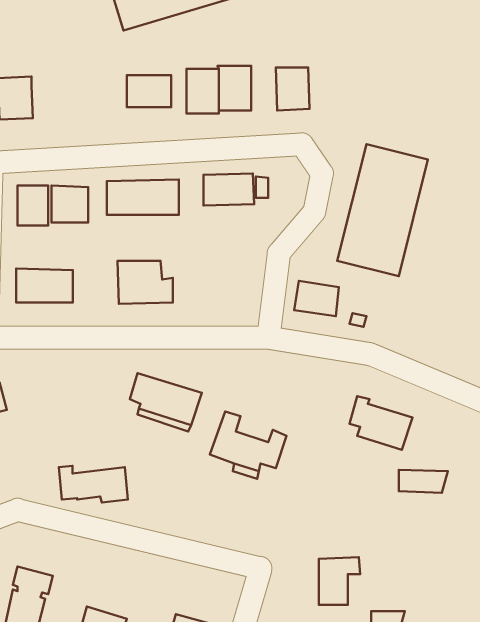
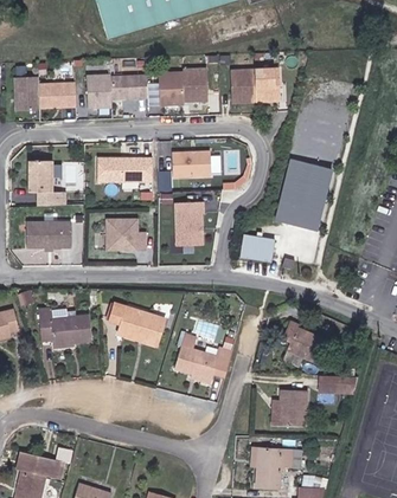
building: none -> [250,67,275,101]
building: none -> [84,73,111,109]
building: none -> [37,82,73,108]
building: none -> [171,201,199,244]
building: [59,466,128,503] -> [39,316,92,344]
building: none -> [270,388,308,423]

